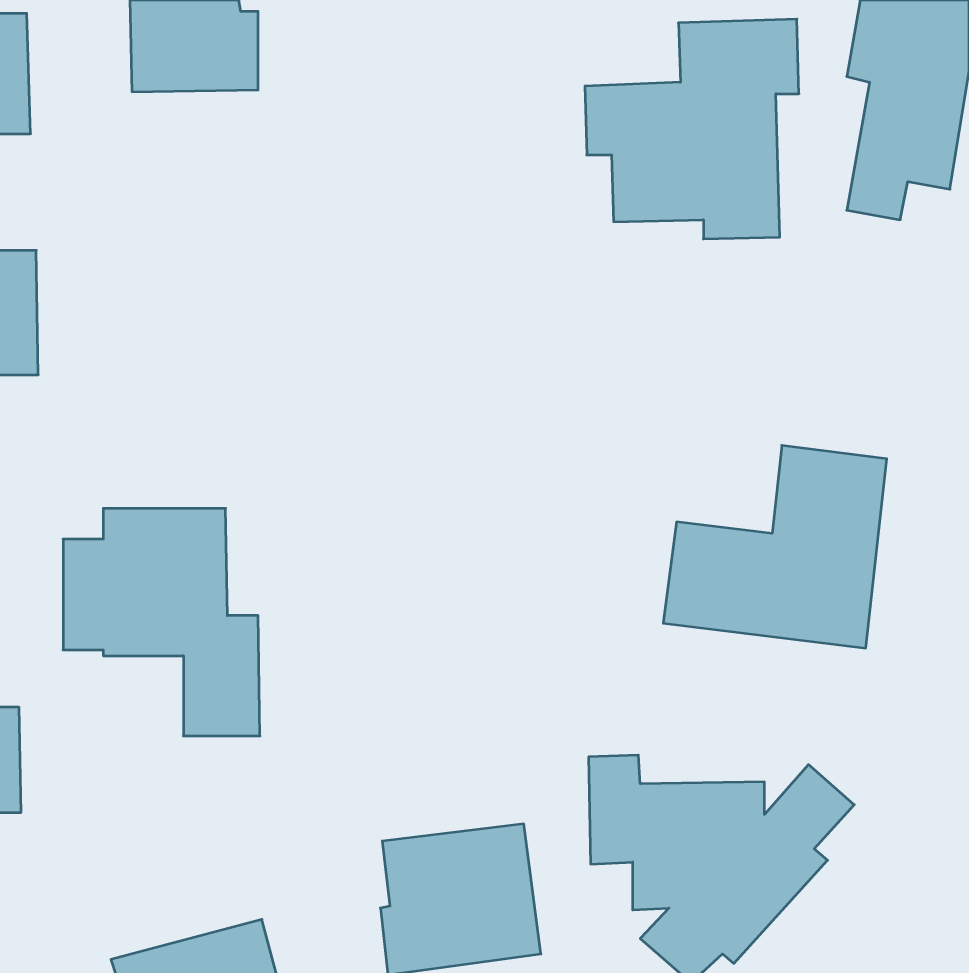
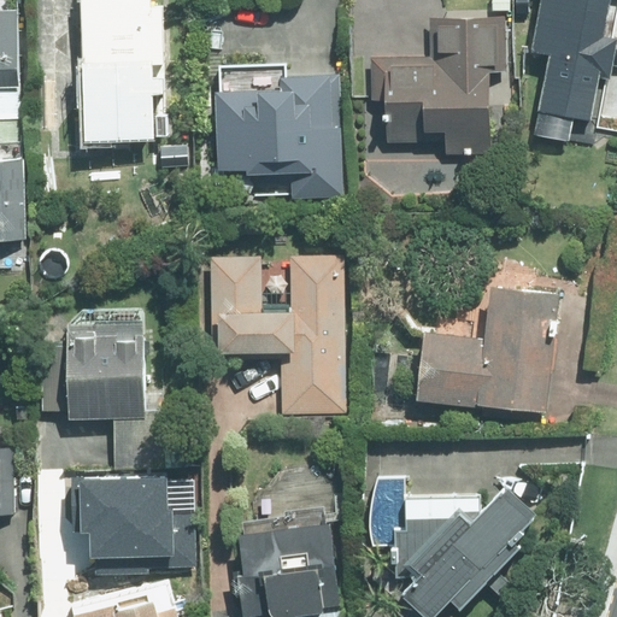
building: none -> [83,61,165,141]
building: none -> [219,64,343,195]
building: none -> [212,255,345,411]
building: none -> [70,482,194,576]

